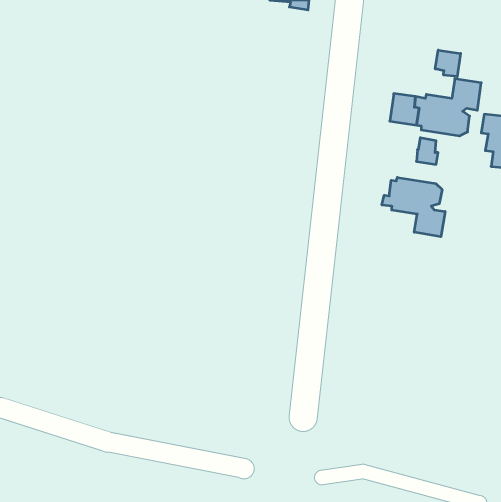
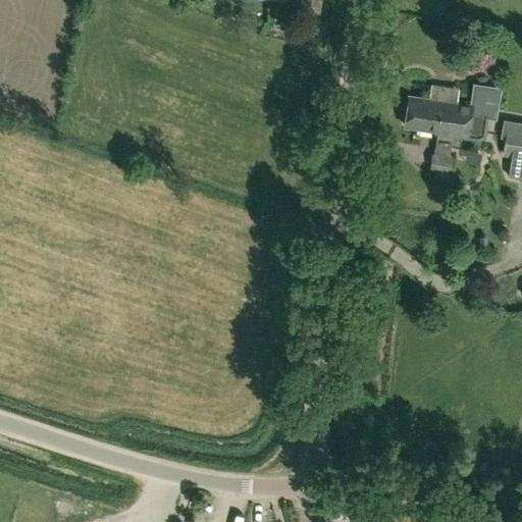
building: [435,50,461,77] -> none
building: [382,177,445,237] -> none

